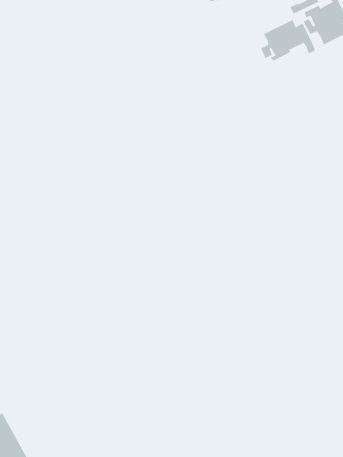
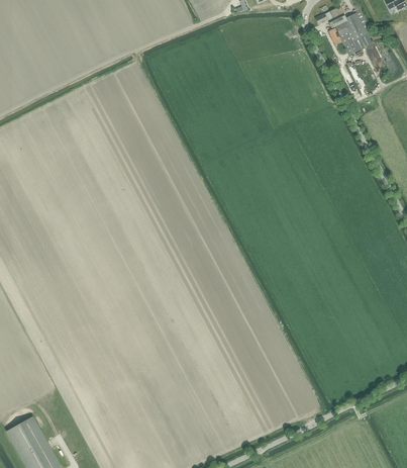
building: [260,19,316,61] -> none

